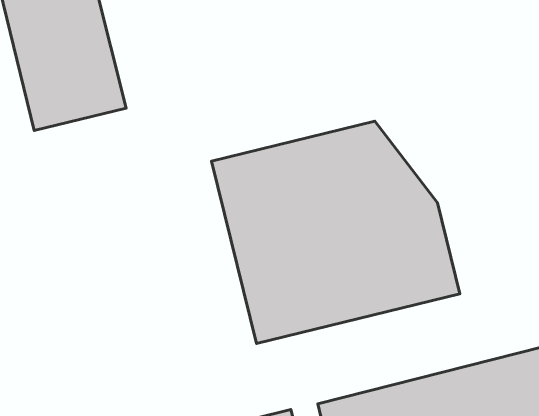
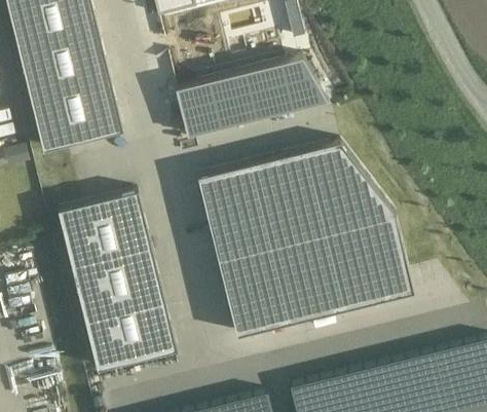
building: none -> [175,59,327,138]
building: none -> [58,192,177,372]

